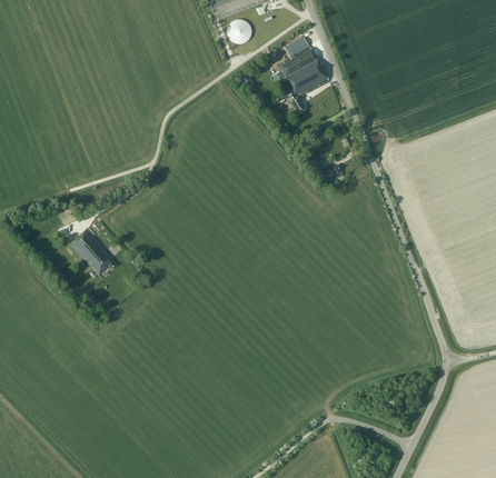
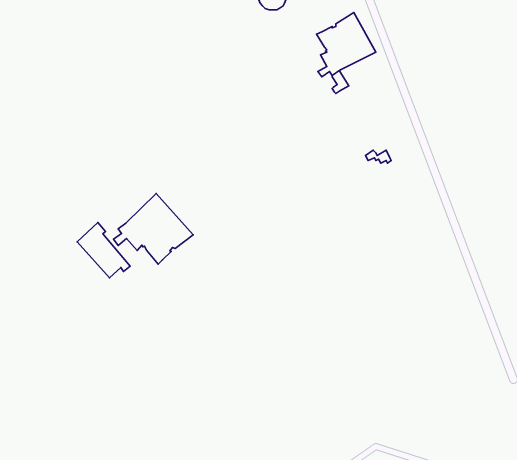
building: none -> [114,194,193,264]

